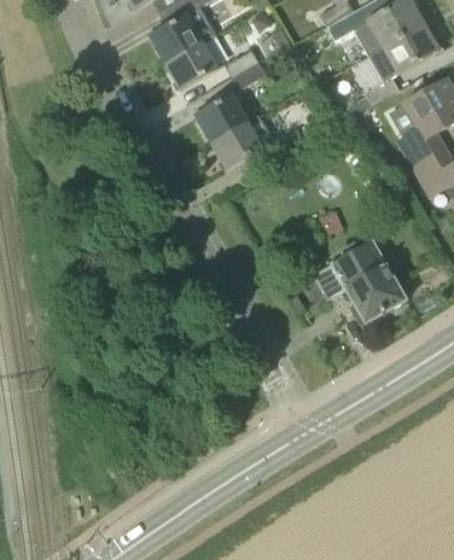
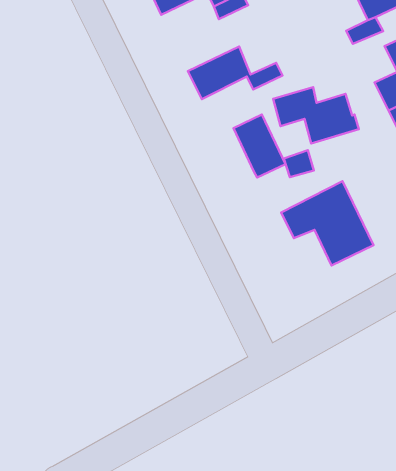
building: [196,92,260,141] -> none
building: none -> [273,87,359,144]
building: none -> [233,115,286,178]

